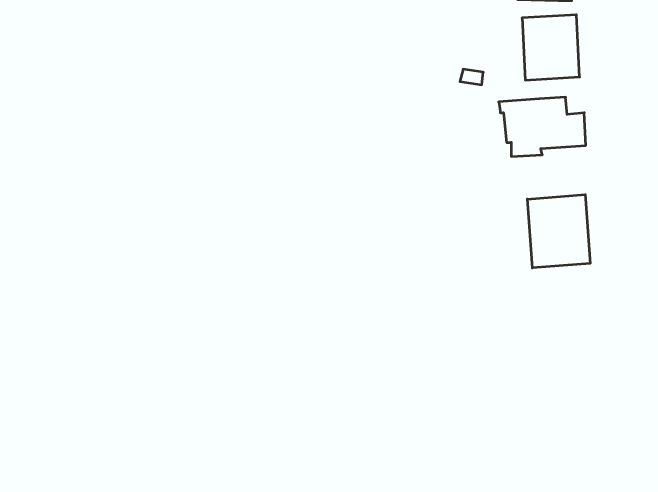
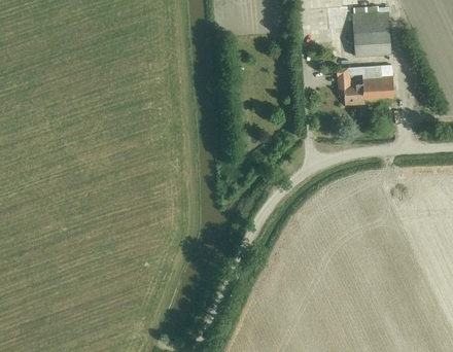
building: [527,195,590,268] -> none

